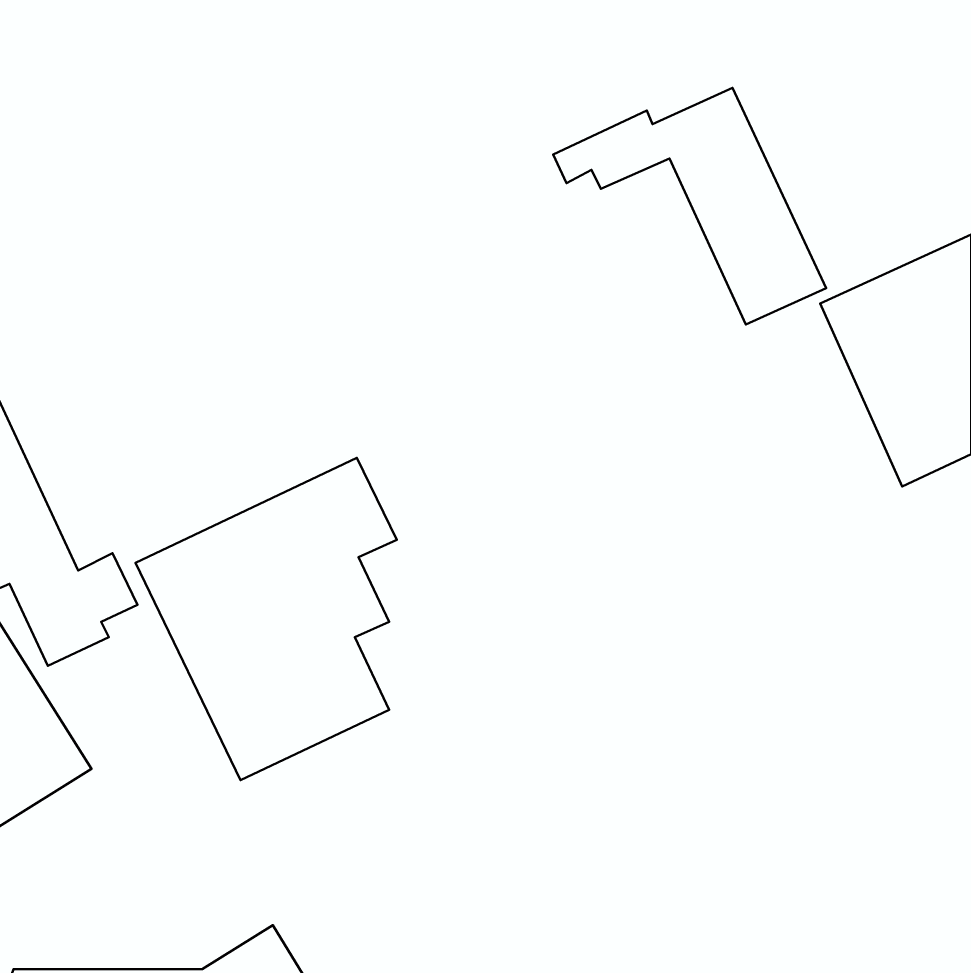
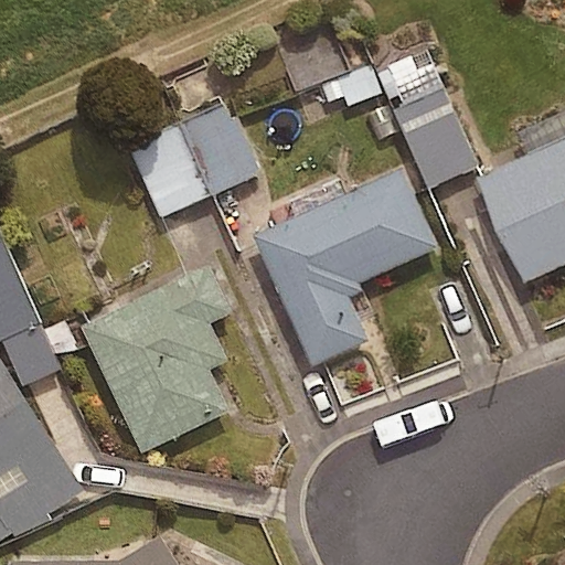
building: none -> [130,104,262,221]
building: none -> [252,170,436,366]

